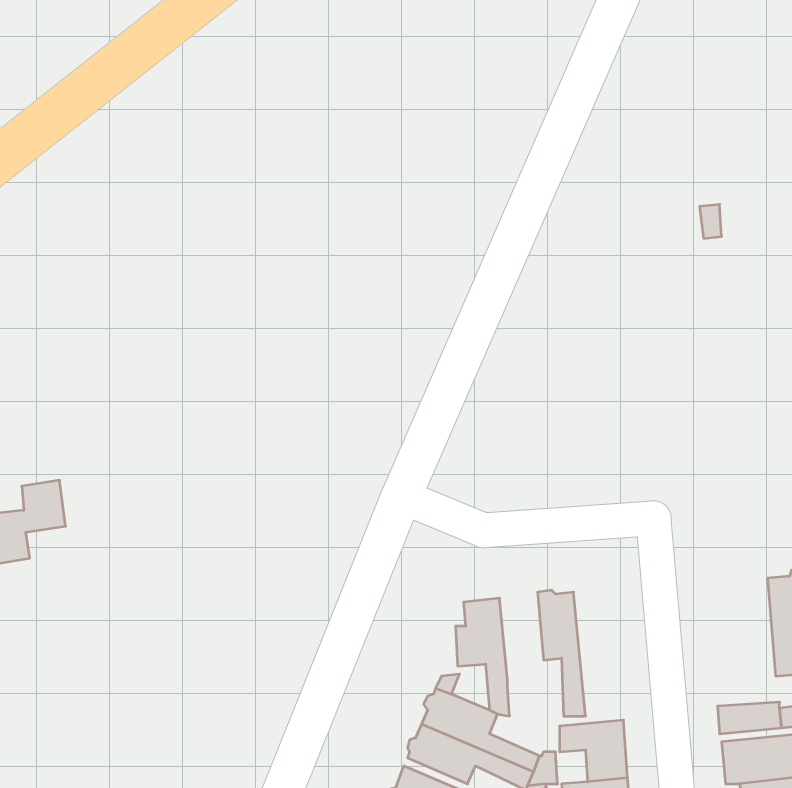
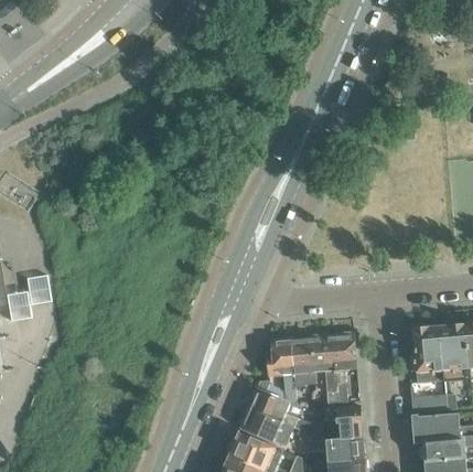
building: none -> [410,325,443,384]
building: none -> [332,332,356,404]
building: none -> [291,335,315,387]

